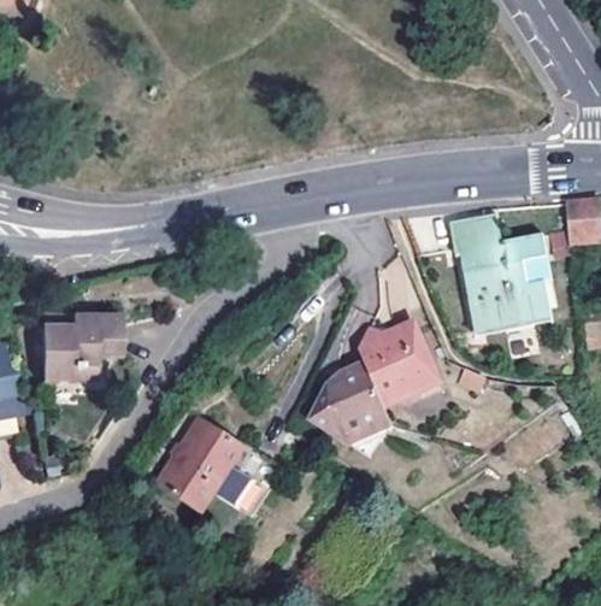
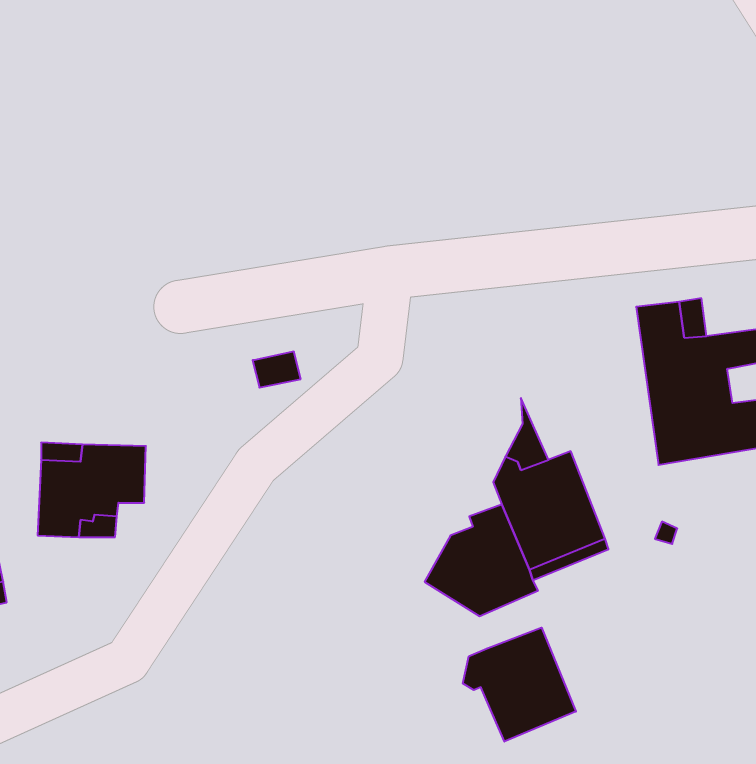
building: [169,417,266,508] -> none
building: none -> [463,628,576,742]

